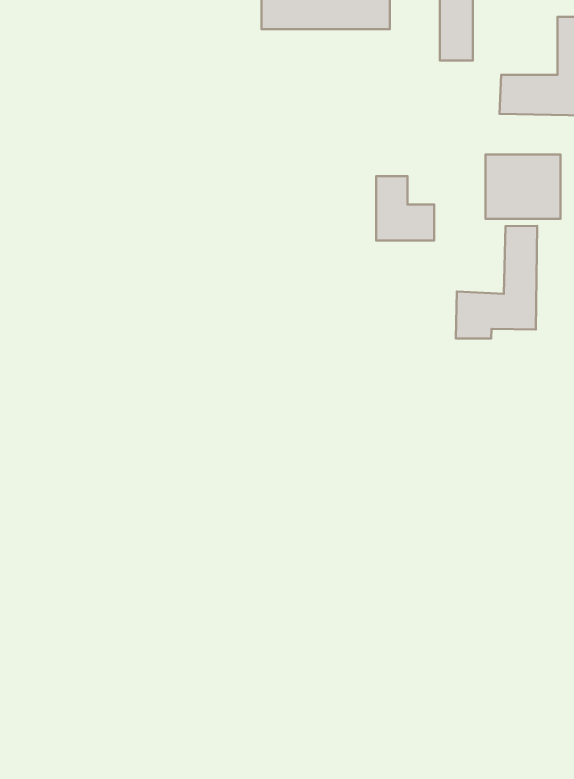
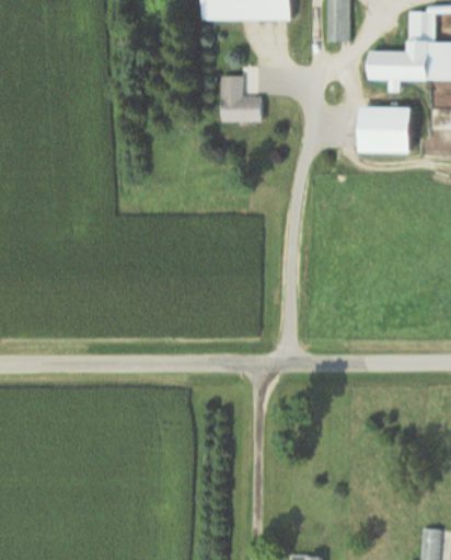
building: [376,176,434,241] -> [220,77,261,121]
building: [456,226,537,338] -> none

